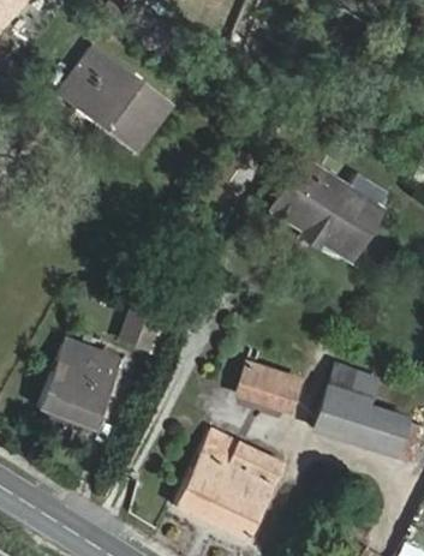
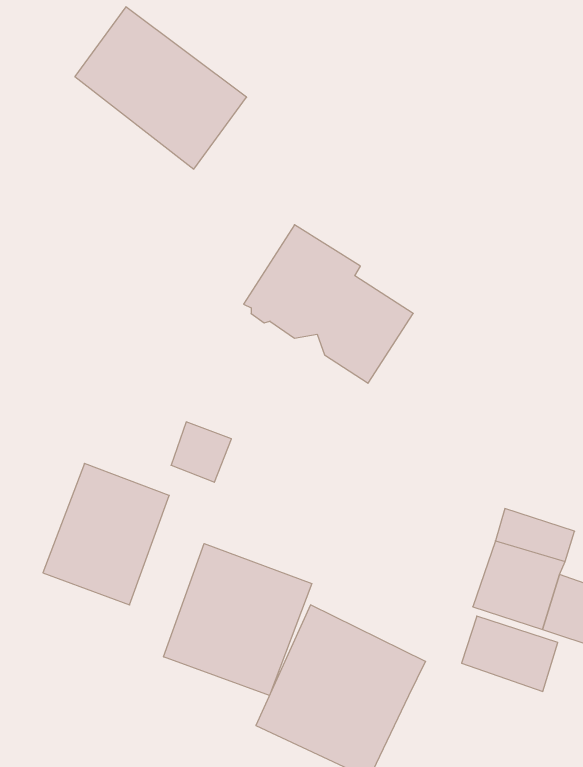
building: [270,159,378,259] -> [244,225,413,383]
building: [238,364,299,412] -> [462,616,558,691]
building: none -> [164,544,312,695]

